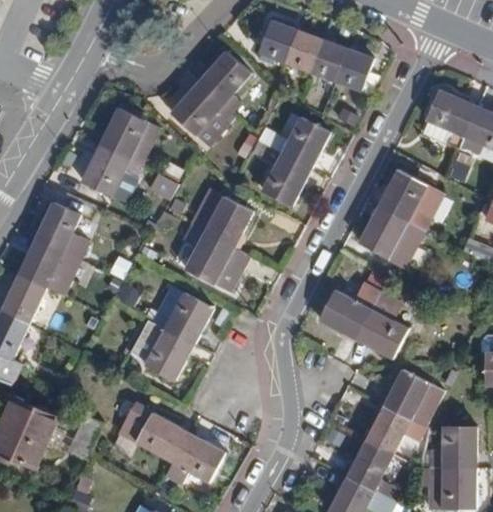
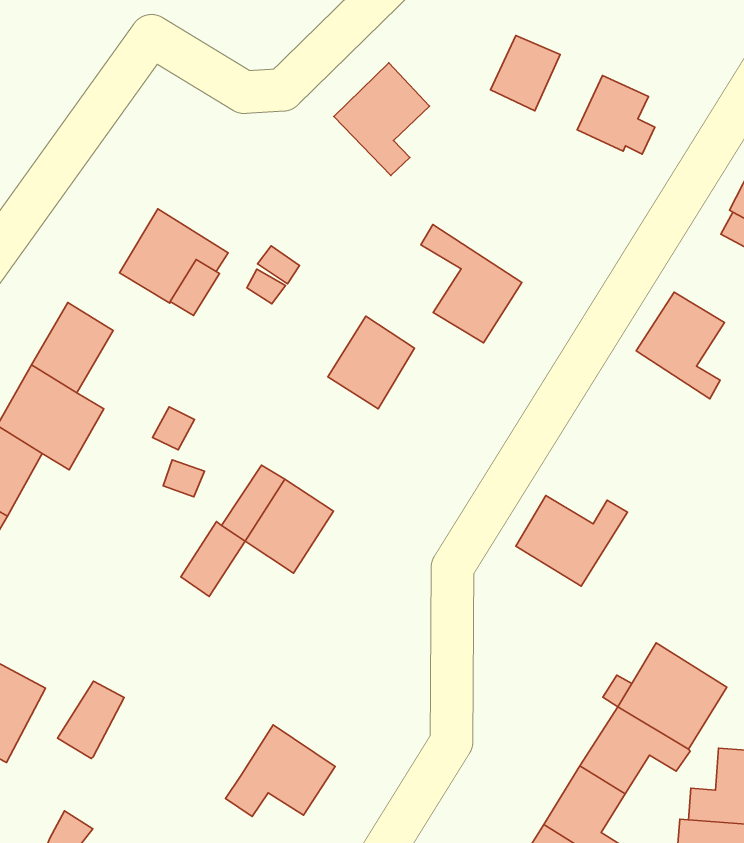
building: [258,20,296,62] -> none
building: [310,39,347,81] -> none
building: [170,84,231,147] -> none
building: [100,107,160,166] -> none
building: [257,117,329,170] -> none
building: [358,204,425,268] -> none
building: [184,232,250,294] -> none
building: [357,296,408,358] -> none
building: [144,329,193,381] -> none
building: [118,402,188,462] -> none

